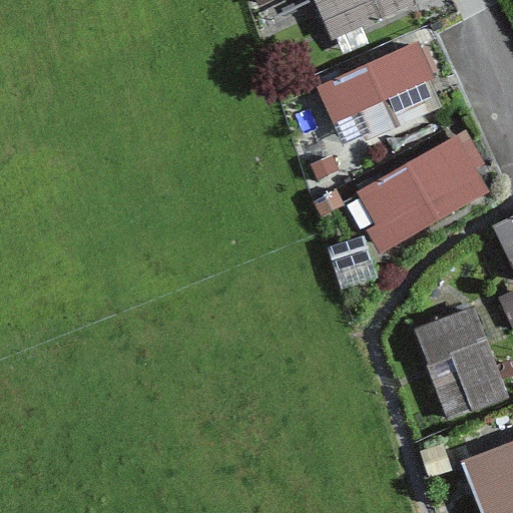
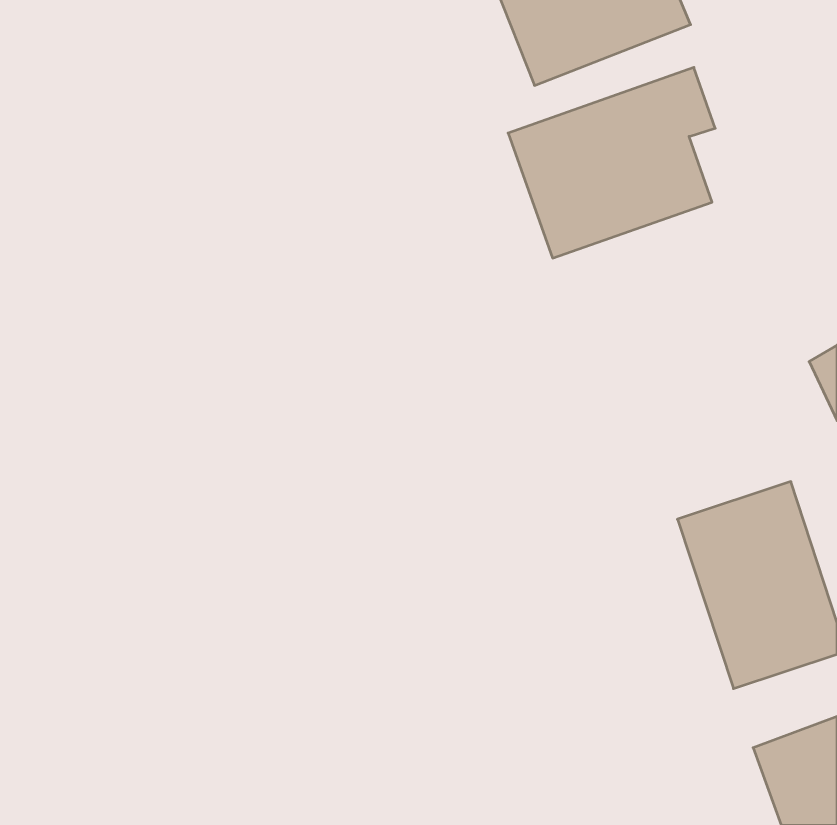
building: [354,134,497,247] -> none

